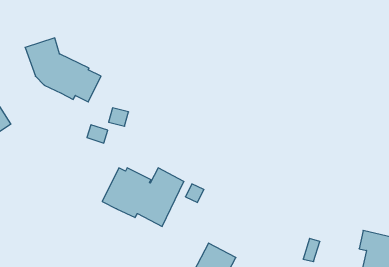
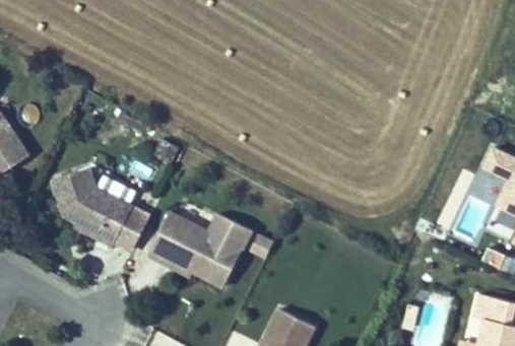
building: [25,38,101,102] -> [54,170,150,252]

